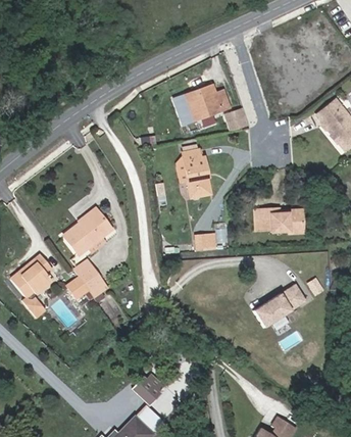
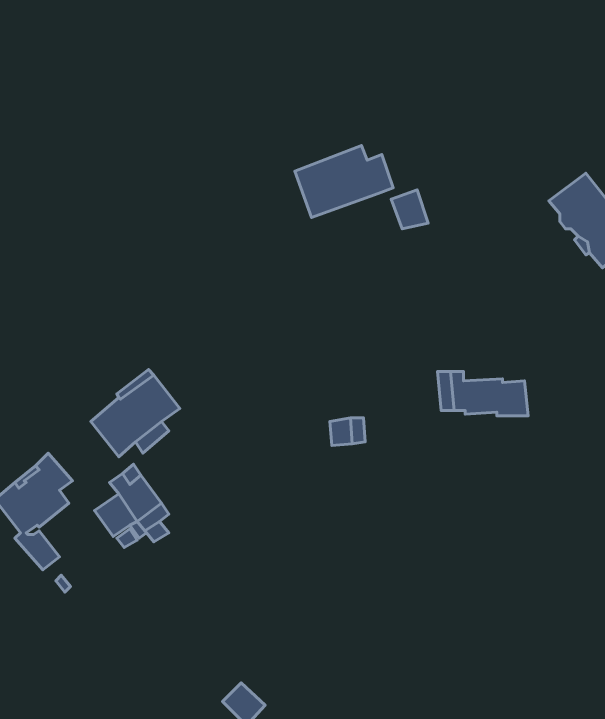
building: [177,149,211,198] -> none
building: [253,282,305,326] -> none

